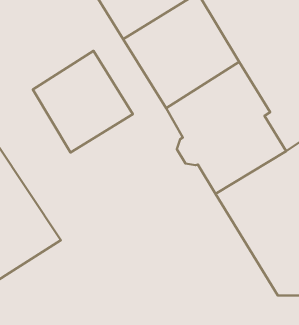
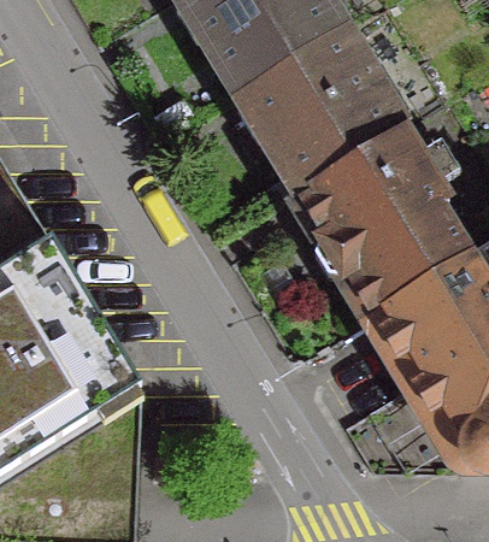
building: [33,51,133,152] -> none

